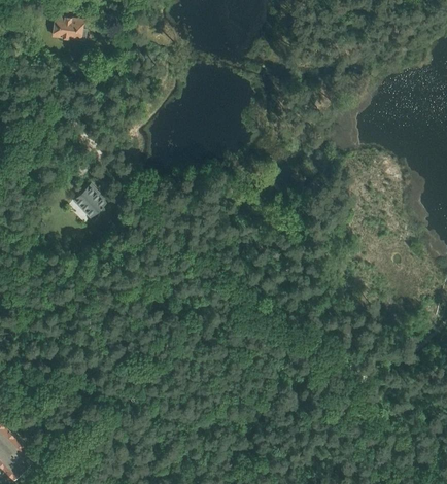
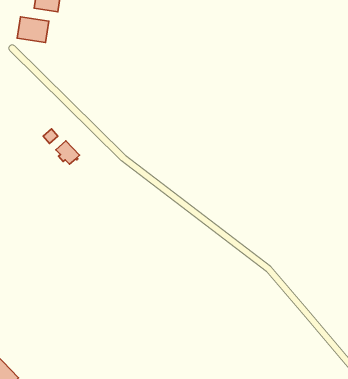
building: none -> [17,17,49,43]

